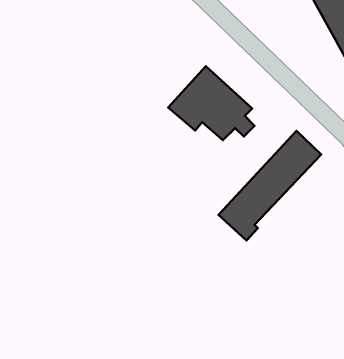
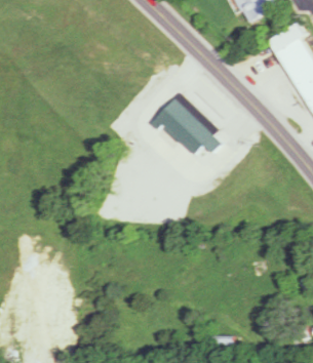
building: [218,131,321,240] -> none

